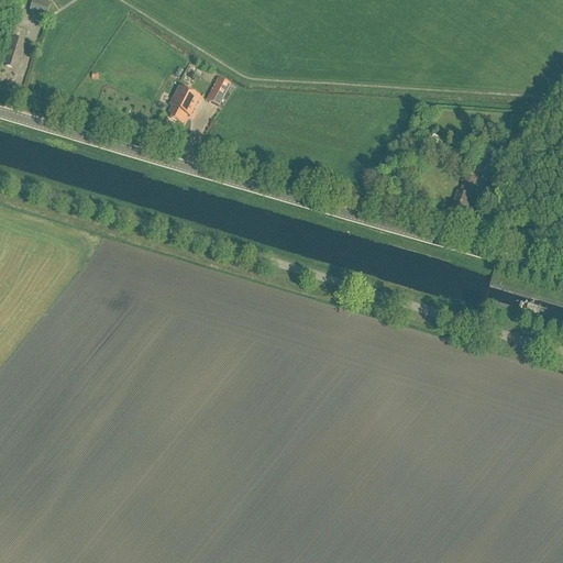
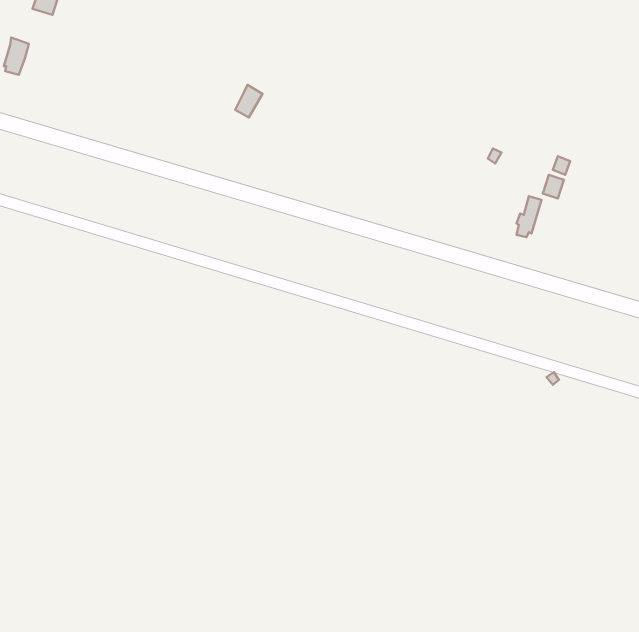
building: [168,82,200,120] -> none

